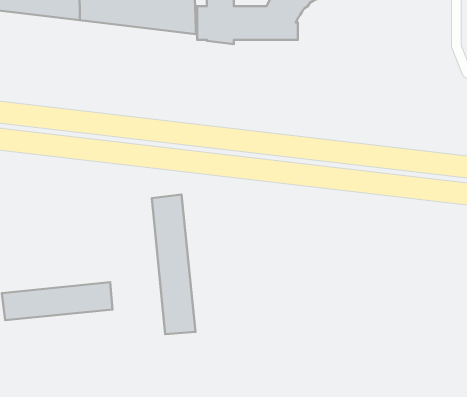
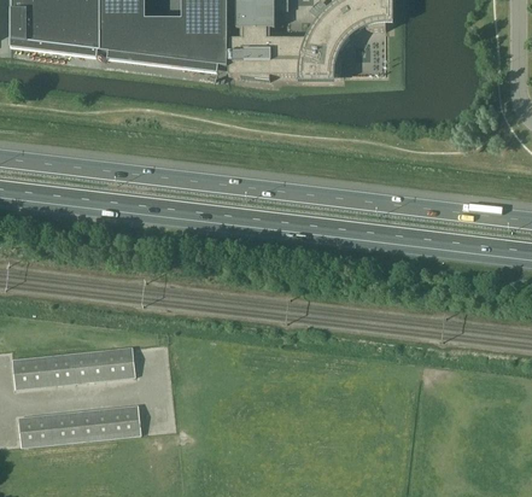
building: [152,194,195,334] -> none
building: none -> [18,404,141,446]

